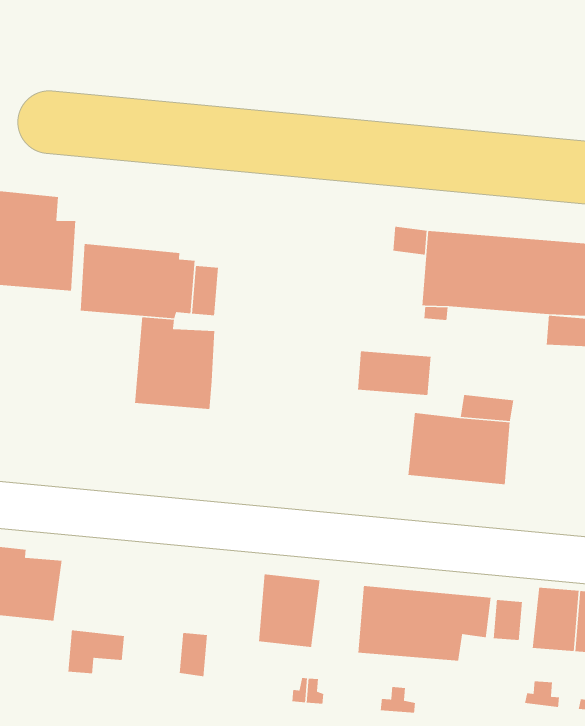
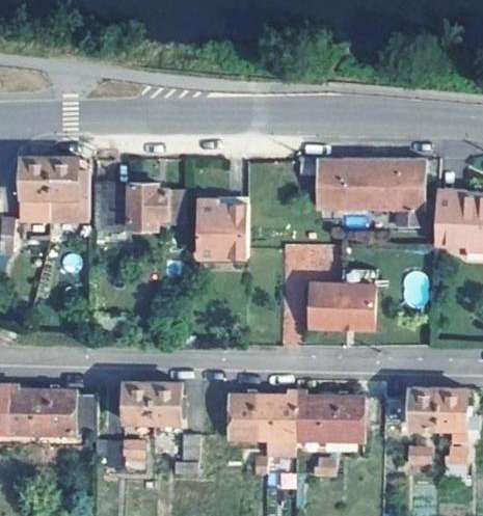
building: [134,316,215,410] -> [197,203,247,261]
building: none -> [124,382,180,423]
building: none -> [264,395,294,440]

